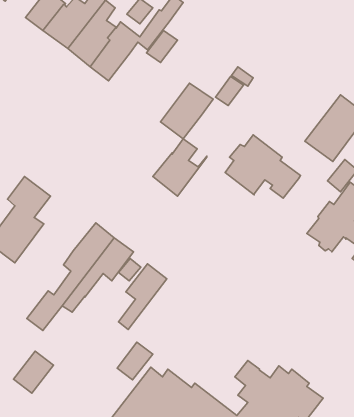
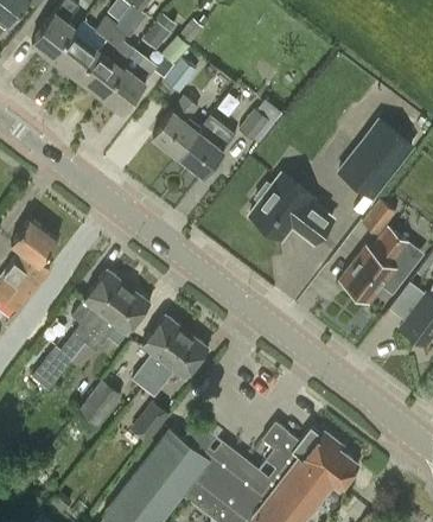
building: [153,139,207,196] -> [151,96,210,159]
building: none -> [142,332,206,397]
building: [14,351,53,393] -> [77,381,121,427]

